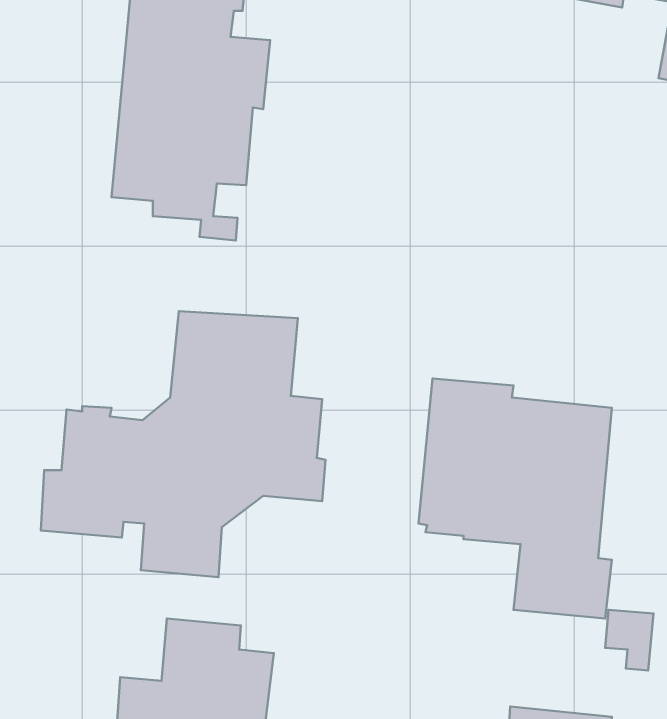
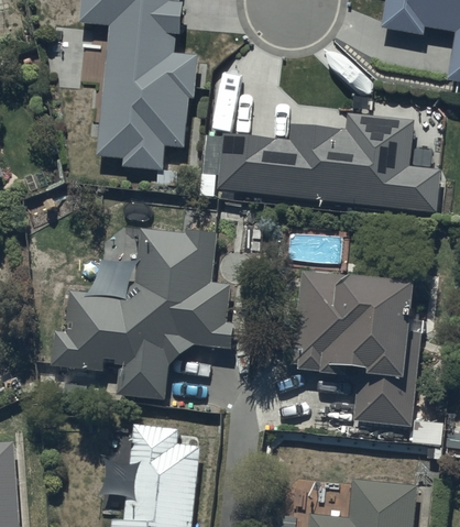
building: none -> [204,113,440,211]

